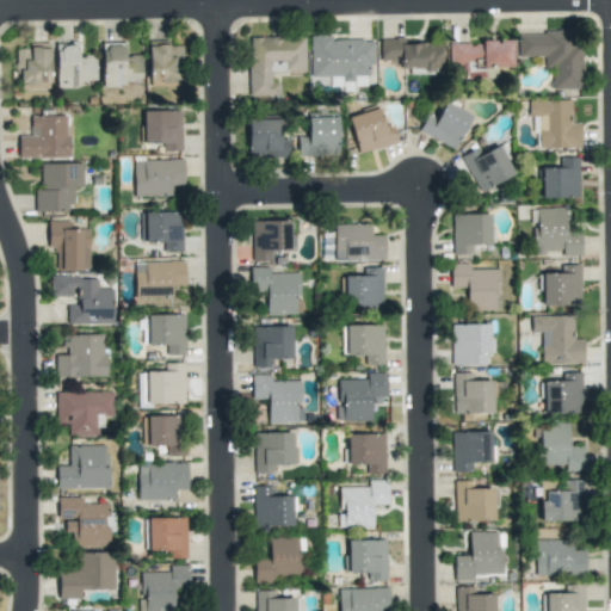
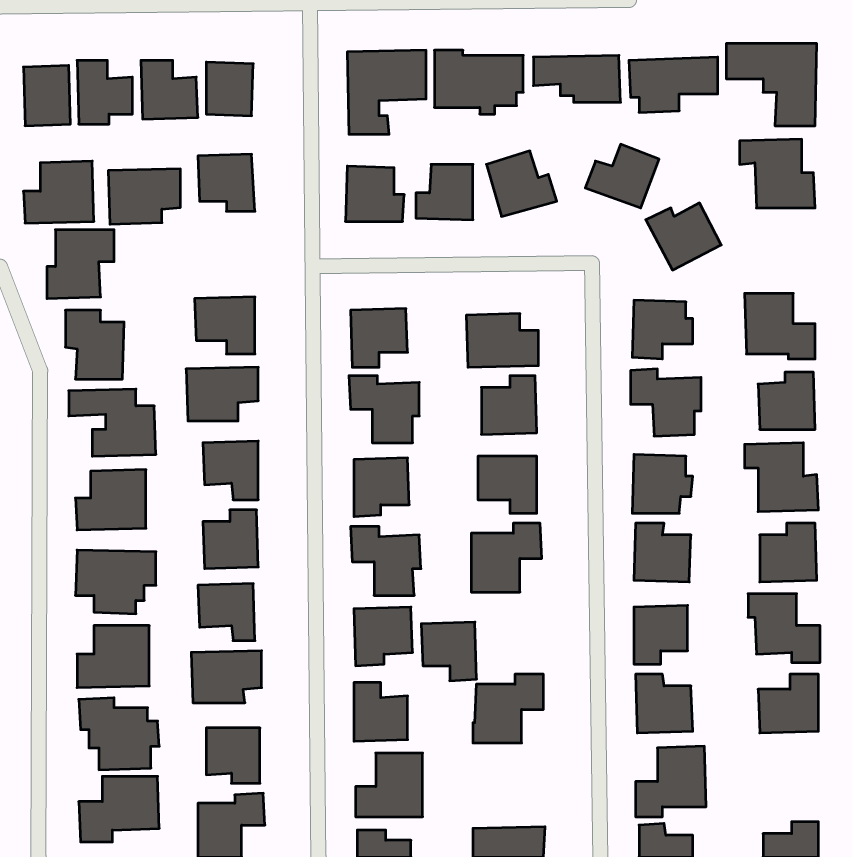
building: [135,158,186,197] -> [108,169,180,224]
building: [543,158,582,198] -> none
building: [348,433,388,475] -> [421,622,477,681]
building: [350,539,389,580] -> none
building: [537,539,588,575] -> none

